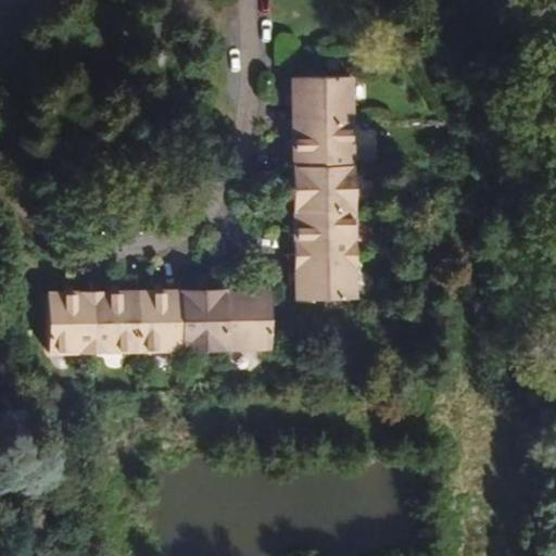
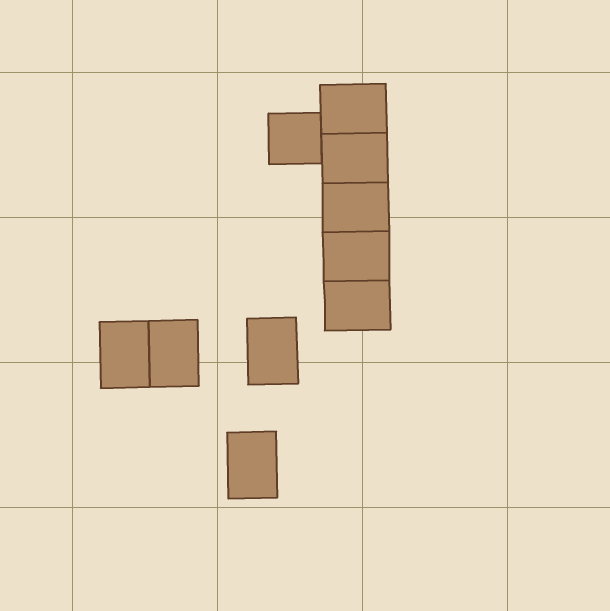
building: none -> [269,113,321,164]
building: [181,290,227,351] -> [227,432,277,499]
building: [48,293,93,354] -> none

